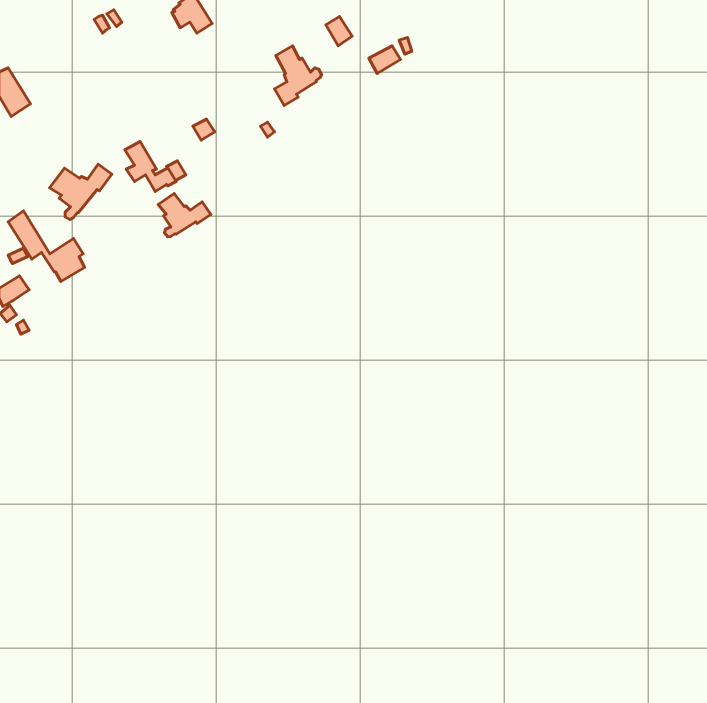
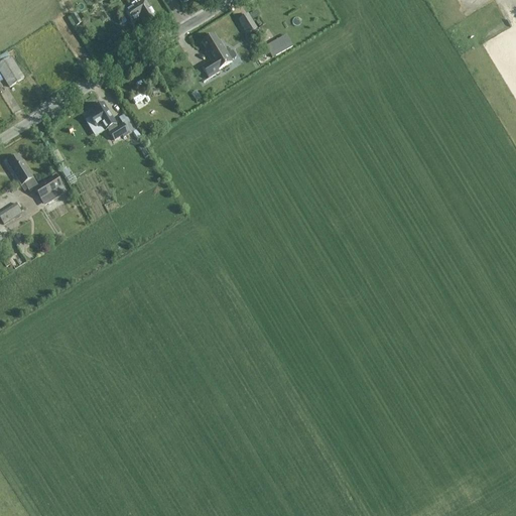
building: [50,164,112,220] -> none
building: [158,193,211,237] -> none

